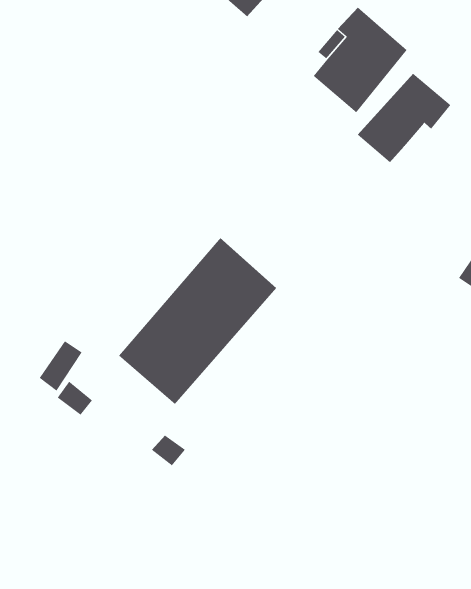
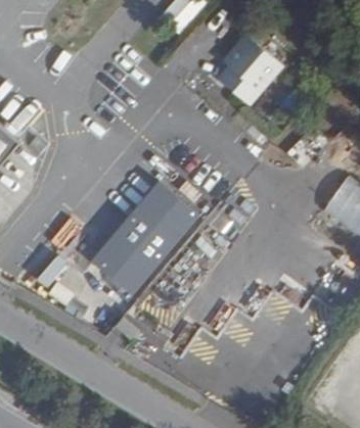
building: [357,73,451,163] -> none

